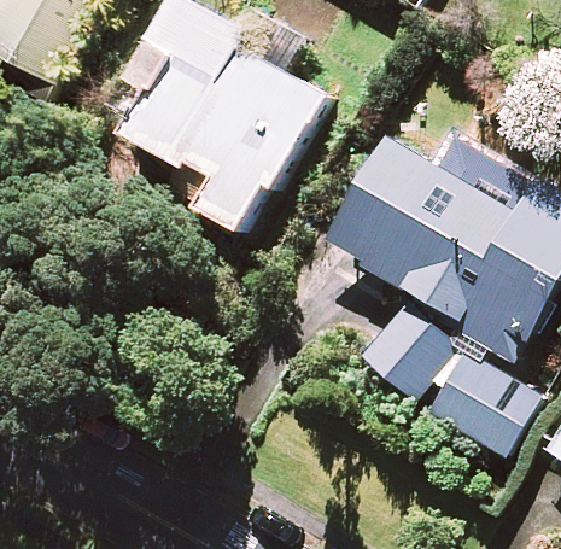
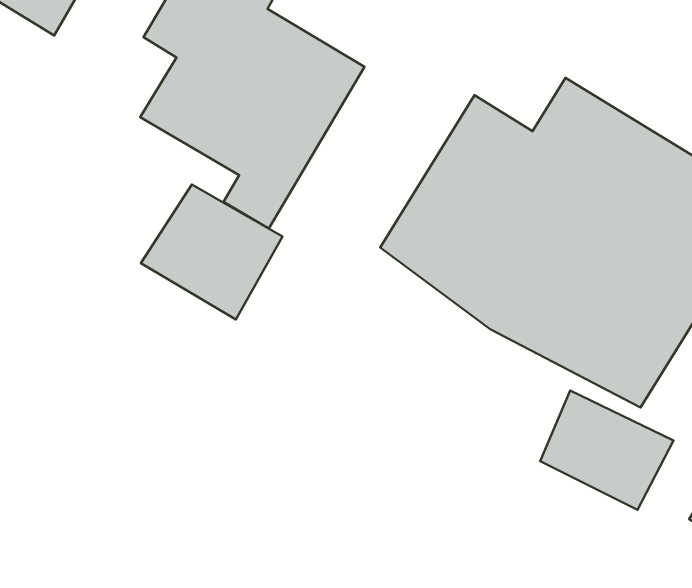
building: none -> [141,184,282,319]
building: [352,303,460,398] -> none

